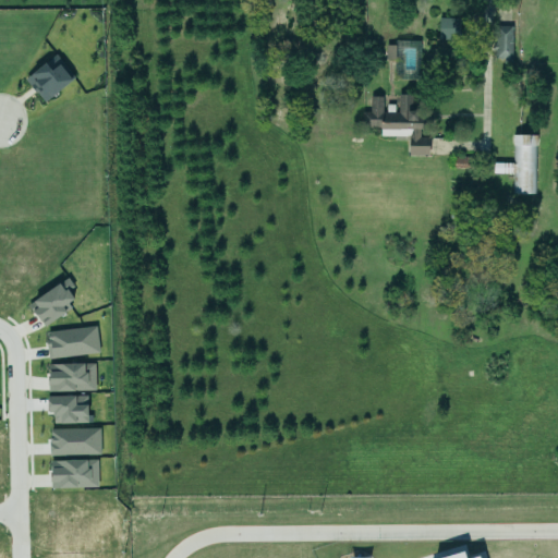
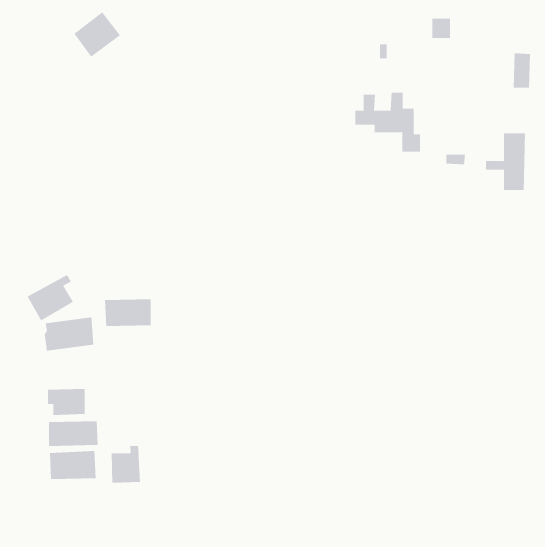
building: [496,25,514,61] -> [513,53,531,88]
building: [27,56,75,102] -> [74,12,121,58]
building: [49,363,97,391] -> [104,299,151,327]
building: none -> [111,445,140,484]

